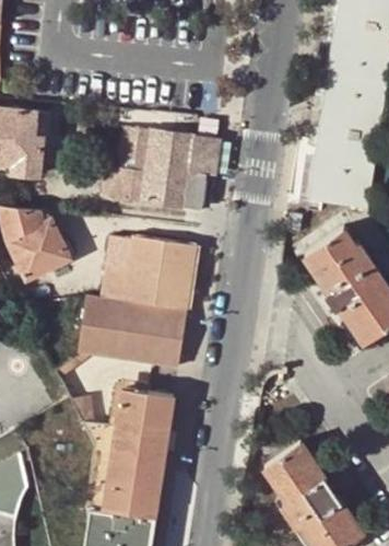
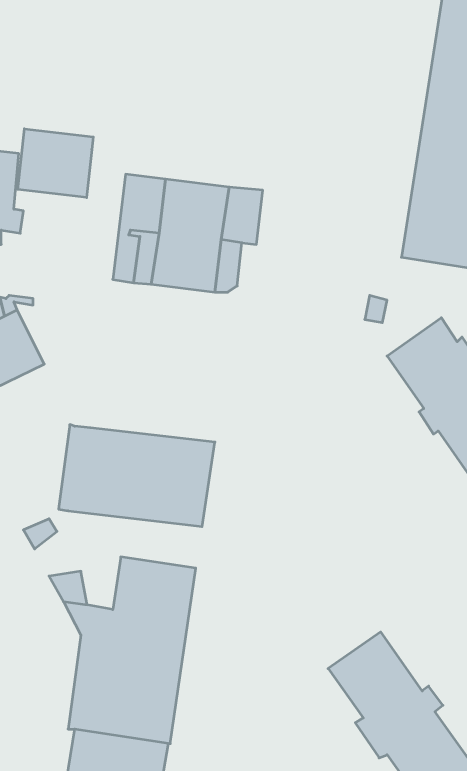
building: none -> [18,129,93,198]
building: [99,237,194,312] -> none

